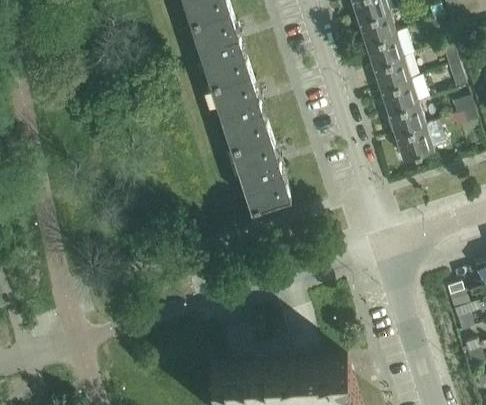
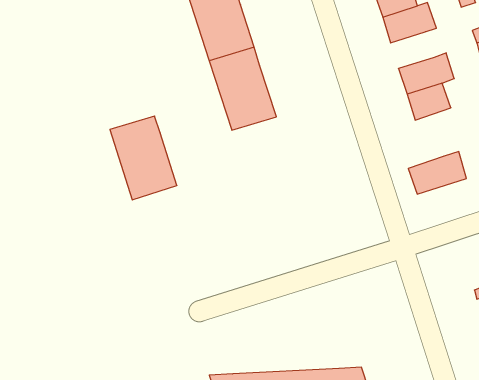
building: [372,59,411,92] -> none
building: [394,123,446,161] -> [408,152,466,194]
building: [230,135,290,210] -> [110,116,177,200]

